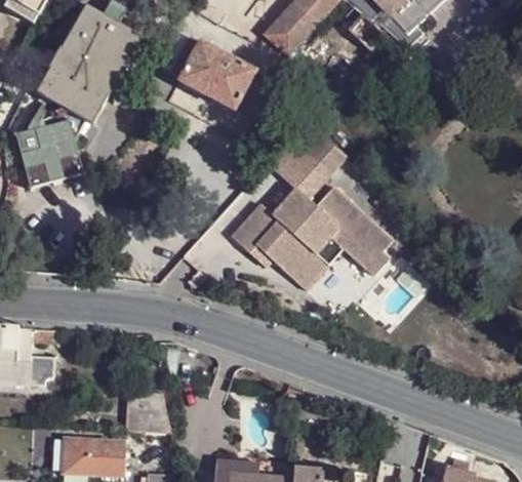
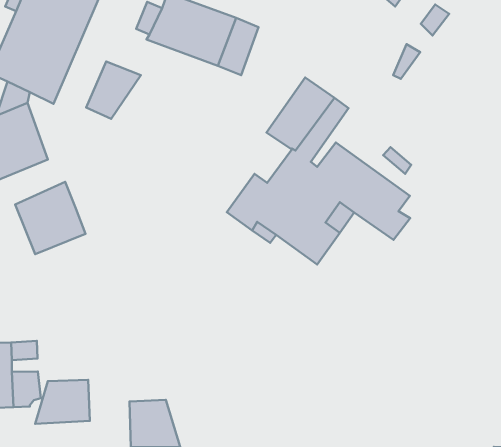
building: none -> [86,61,141,119]
building: none -> [15,182,86,254]
building: none -> [35,380,90,424]

